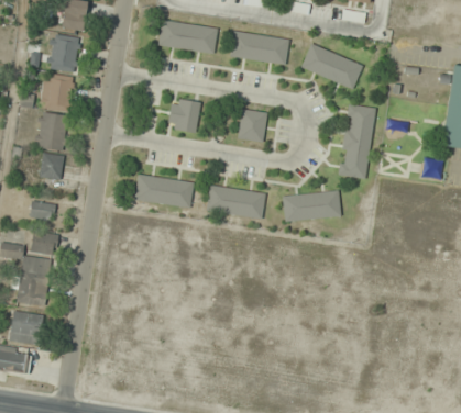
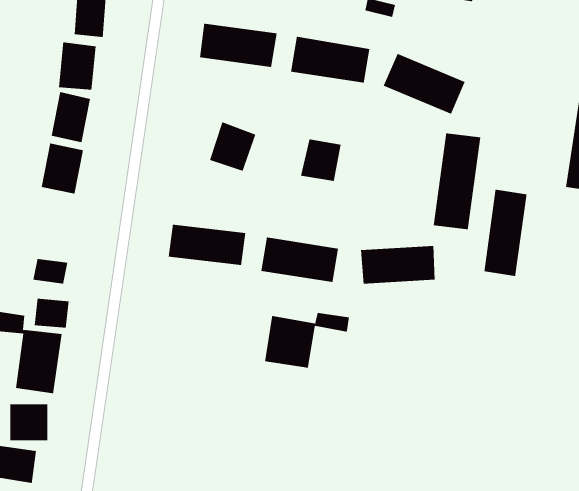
building: none -> [484,189,527,277]
building: [37,153,64,180] -> none
building: none -> [265,312,350,369]

